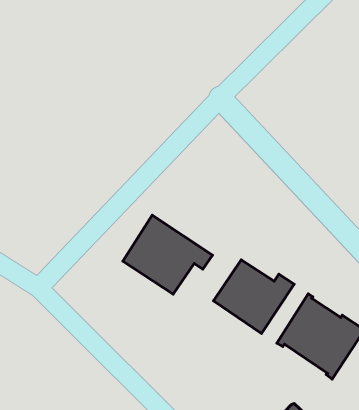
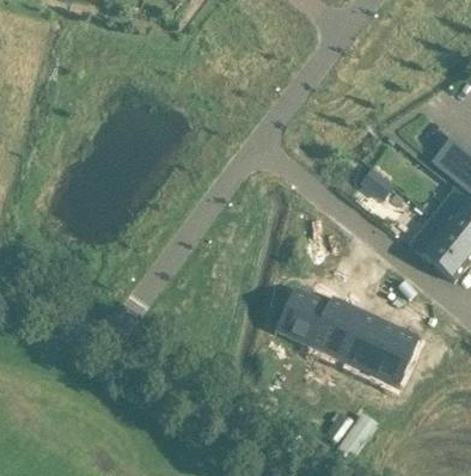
building: [123,215,212,294] -> none

